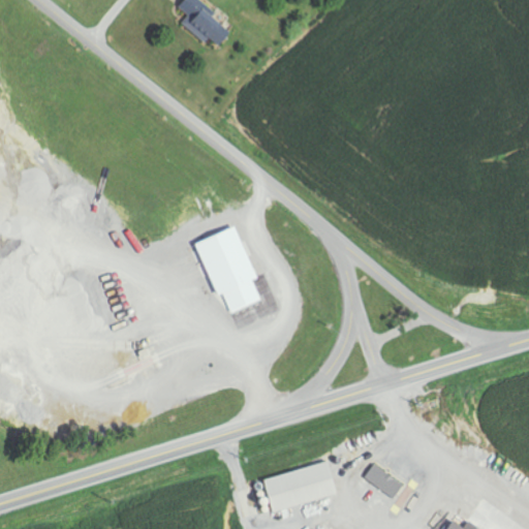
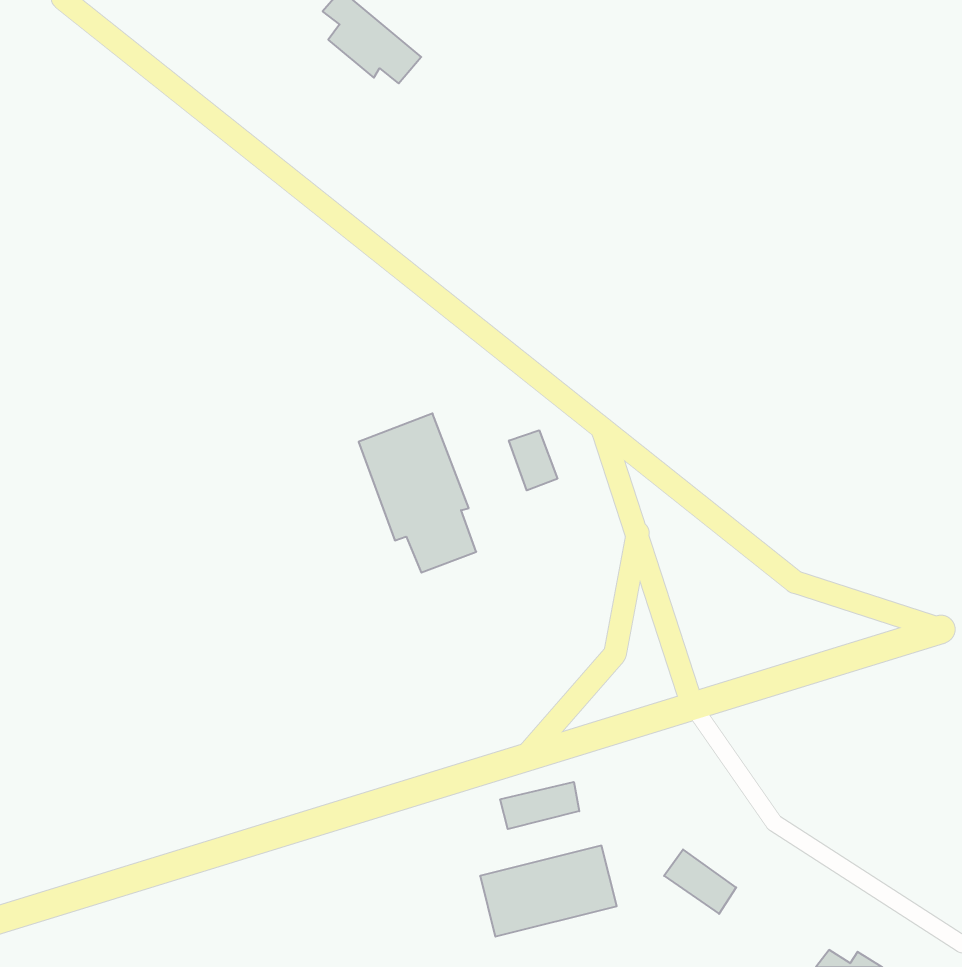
building: none -> [509,430,557,490]
building: none -> [500,782,579,829]

